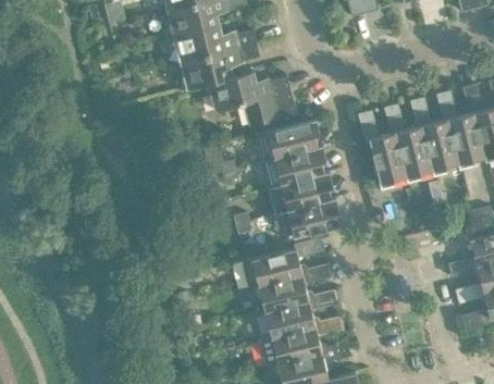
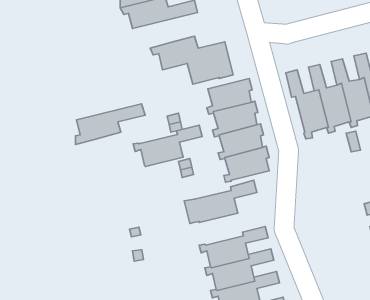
building: [180,44,260,90] -> [76,104,145,144]
building: [251,264,331,312] -> [133,125,202,167]

